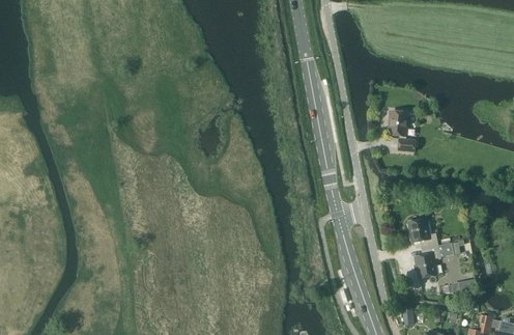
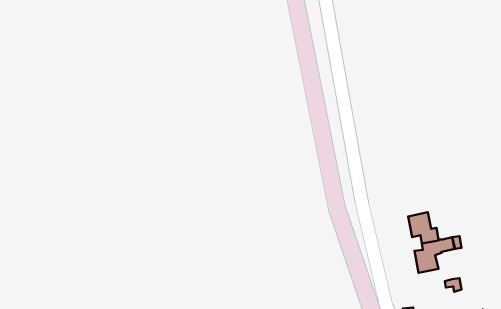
building: [388,111,416,151] -> none

